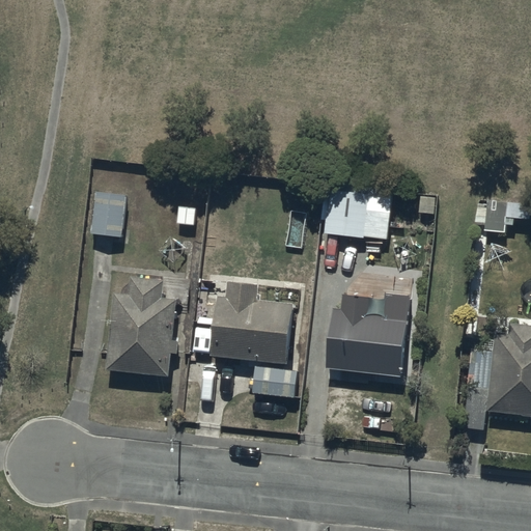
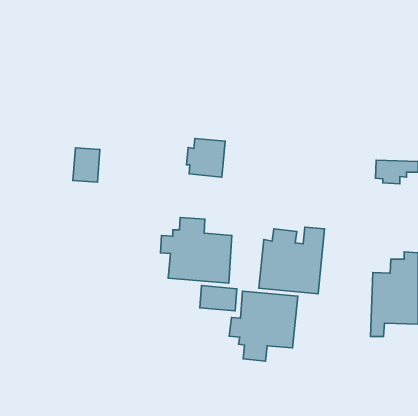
building: [322,189,370,237] -> [187,139,225,177]
building: [108,277,178,375] -> none
building: none -> [229,291,298,361]

